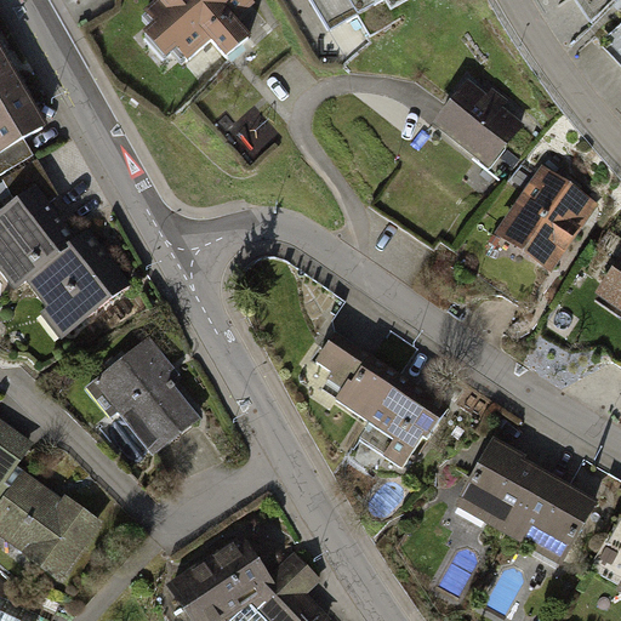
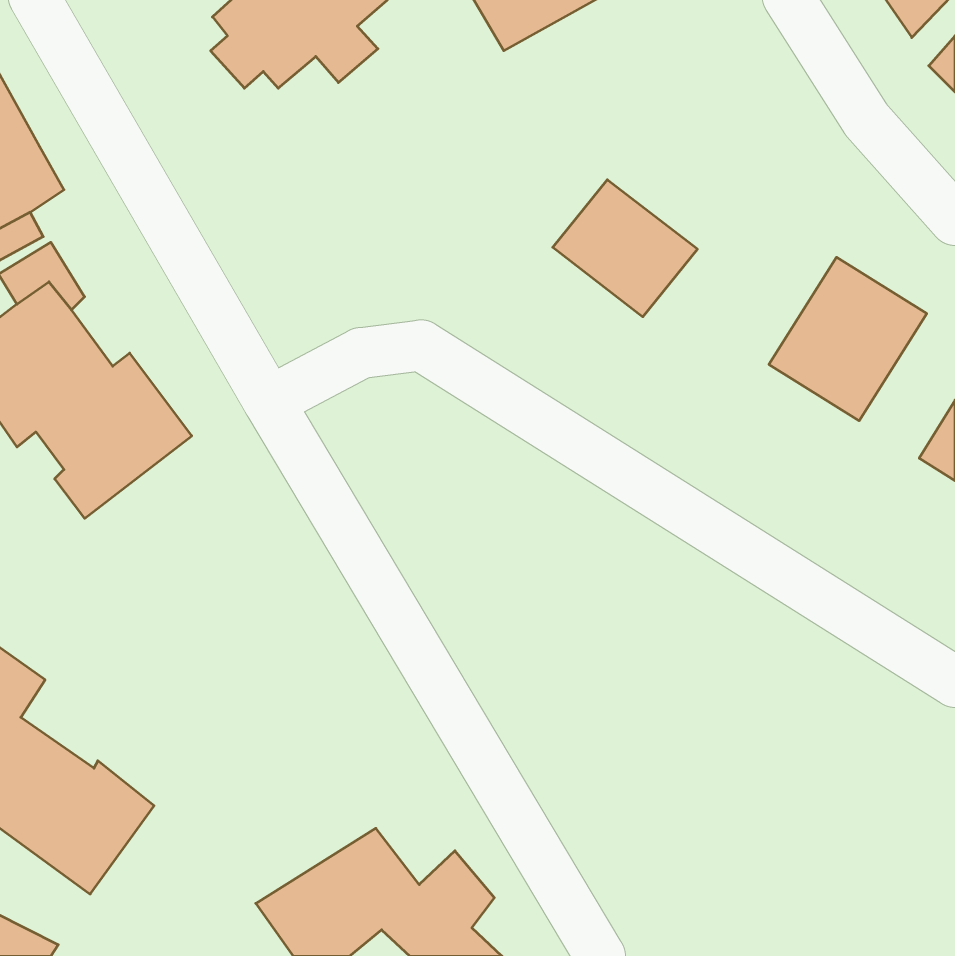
building: [432,82,525,171] -> [553,180,697,317]
building: [89,335,199,456] -> none
building: [310,335,441,467] -> none
building: [457,443,597,562] -> none

